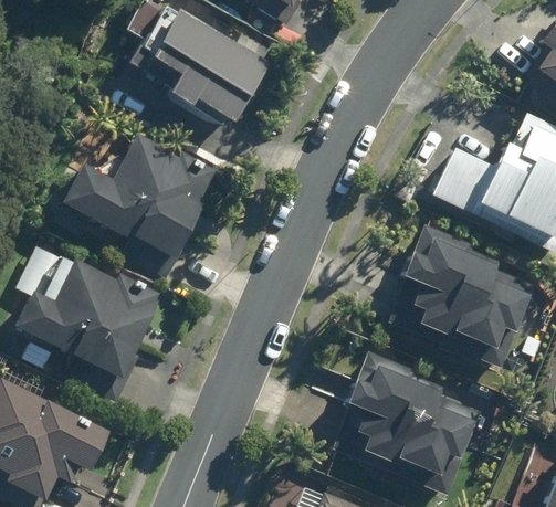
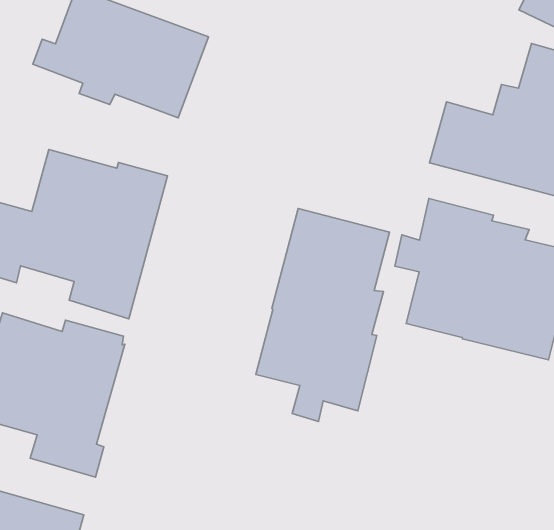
building: none -> [256,208,389,421]
building: [335,351,483,495] -> none

